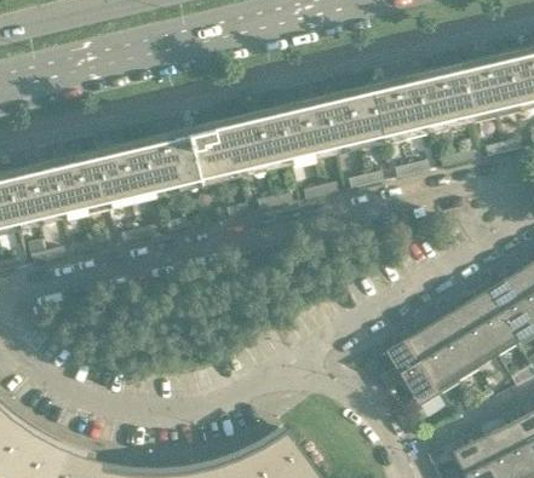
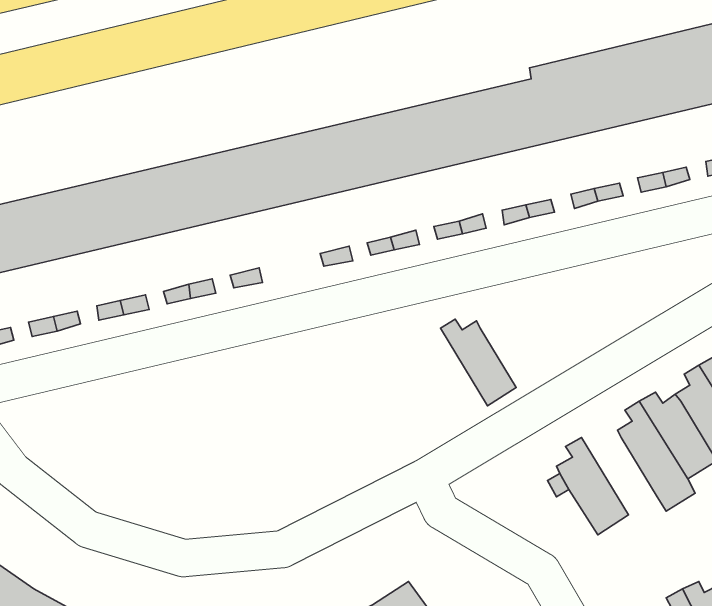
building: [406,328,457,386] -> [441,319,516,406]

